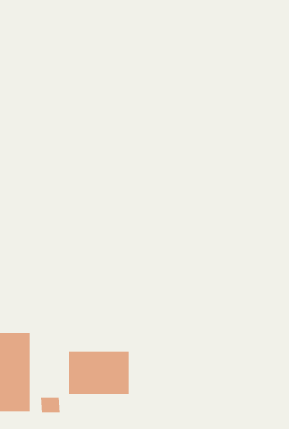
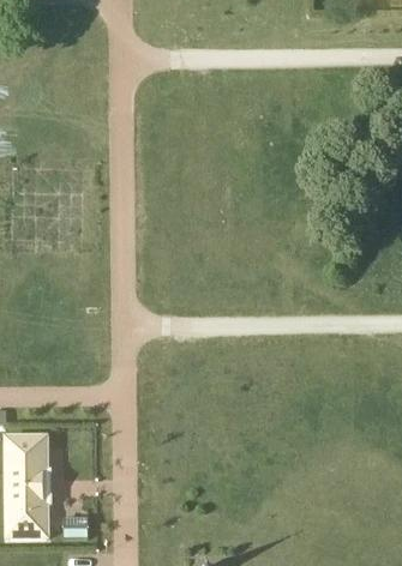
building: [68,351,129,395] -> none

